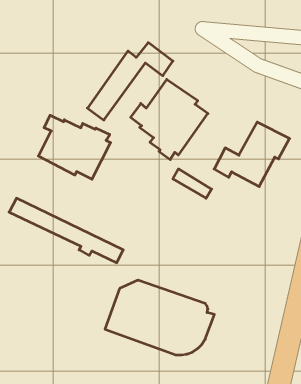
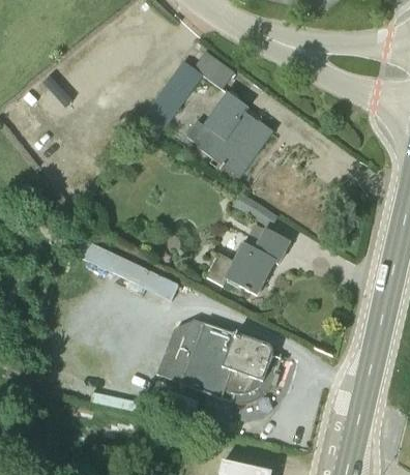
building: [38,115,111,179] -> none
building: [214,122,290,187] -> [206,224,291,296]

